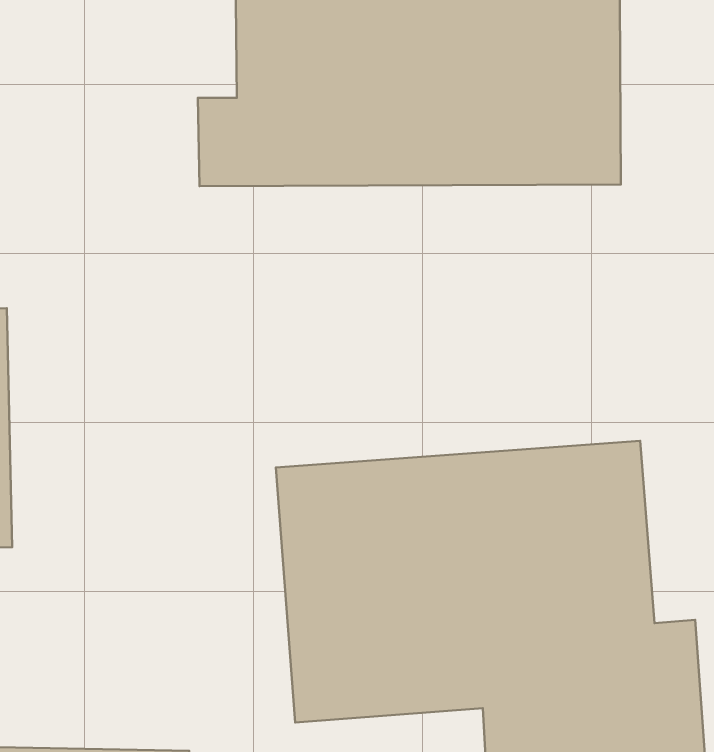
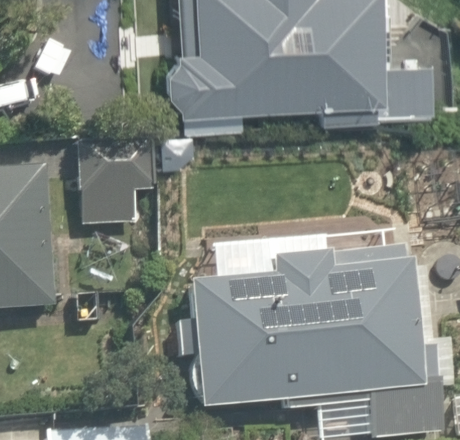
building: none -> [81,134,153,232]

